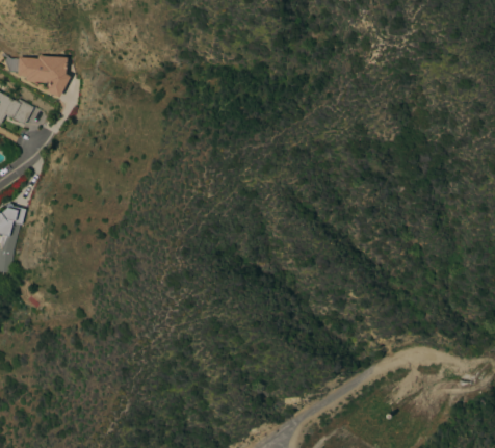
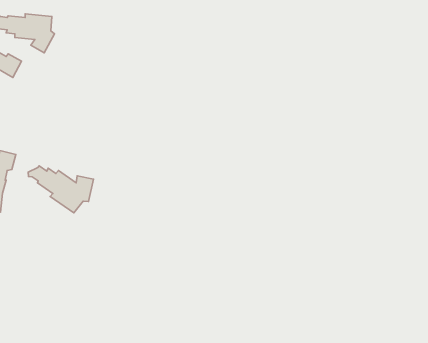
building: none -> [28,166,93,213]

